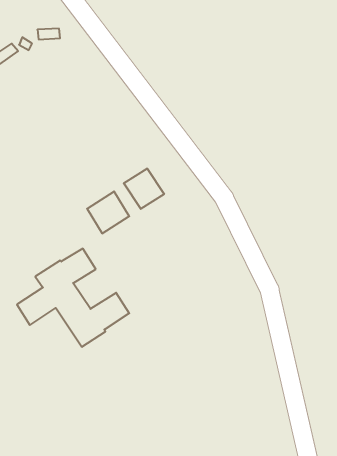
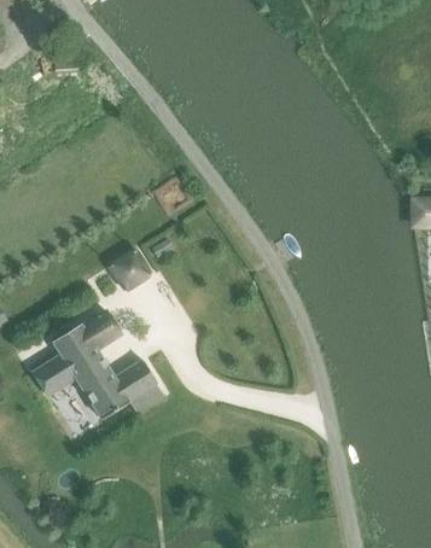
building: [124,168,164,209] -> none

